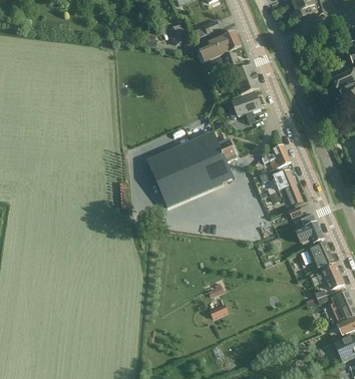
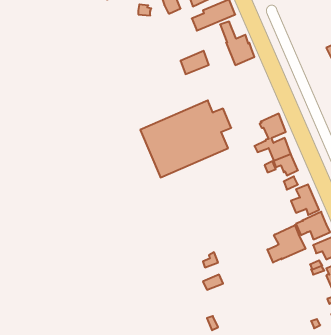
building: [233,92,261,115] -> [180,51,209,74]
building: none -> [267,225,305,263]

